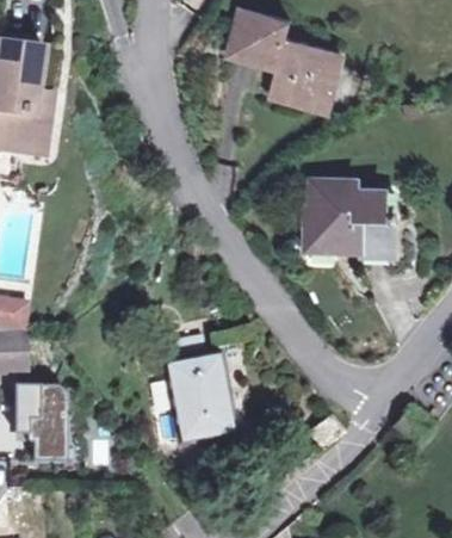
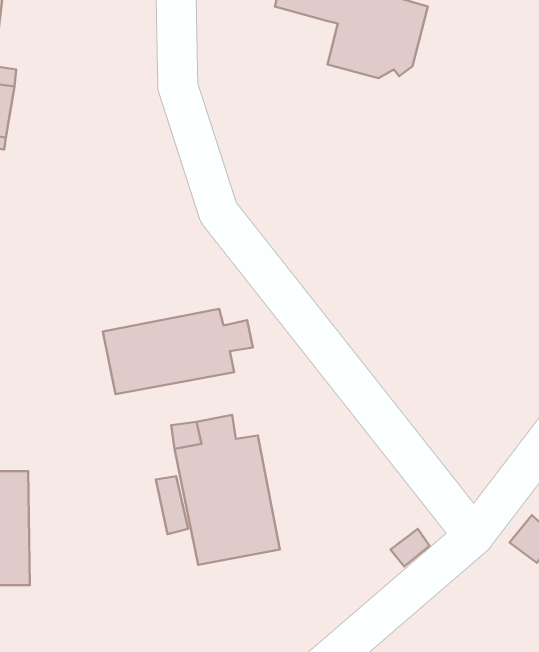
building: [309,183,398,256] -> none
building: none -> [103,309,253,394]

